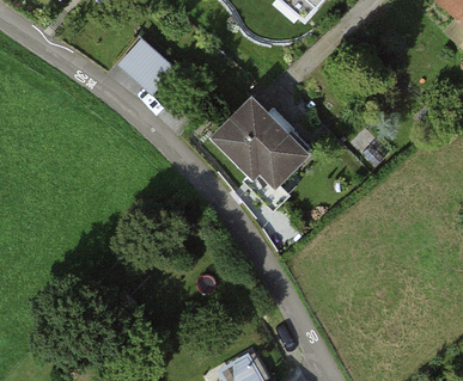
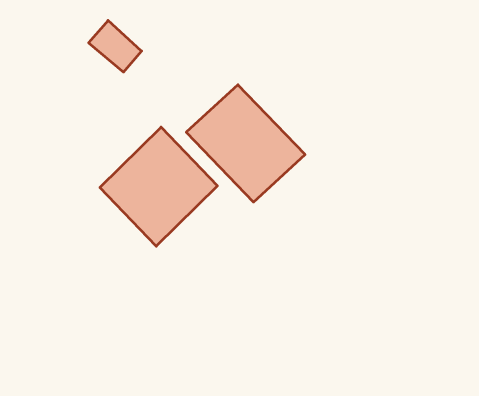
building: none -> [100,127,217,246]

